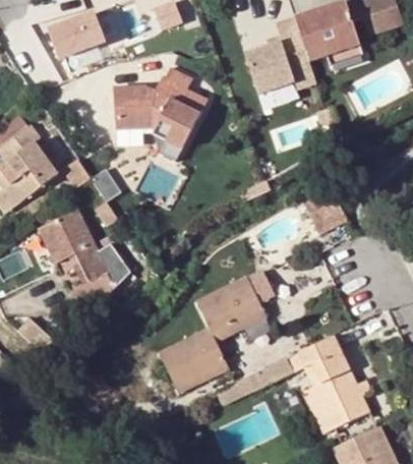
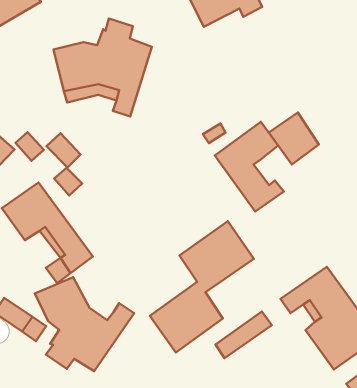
building: none -> [215,122,284,211]
building: none -> [35,277,134,371]

